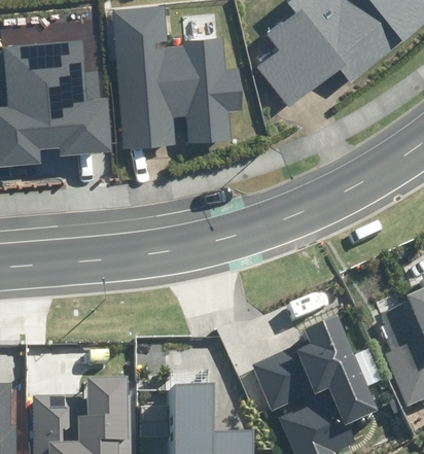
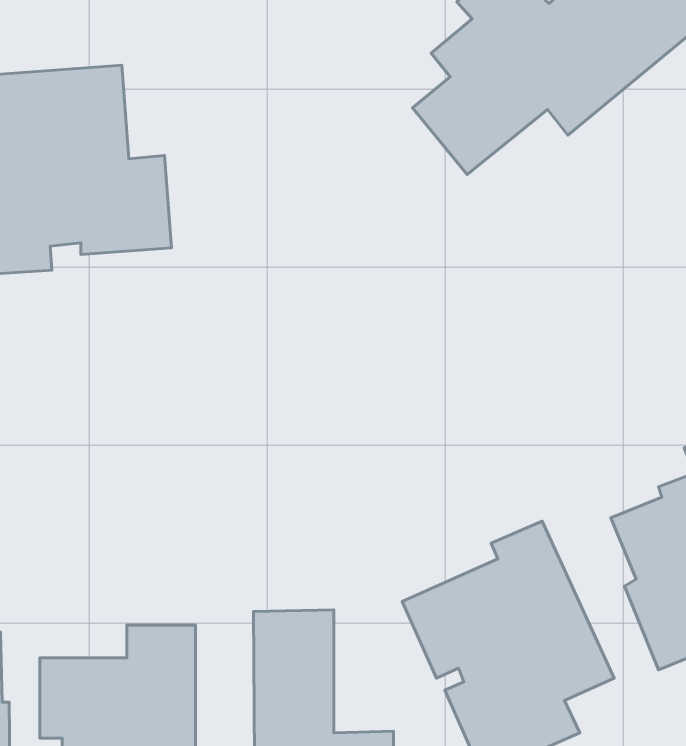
building: [111,5,242,148] -> none

